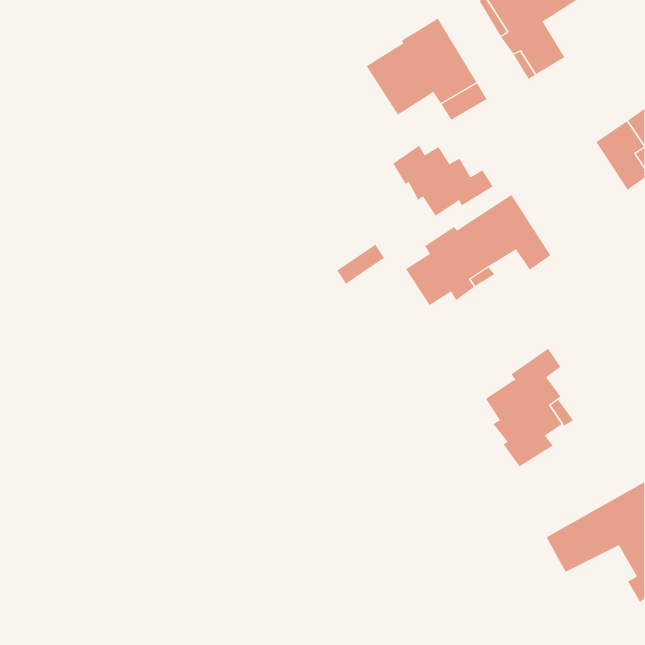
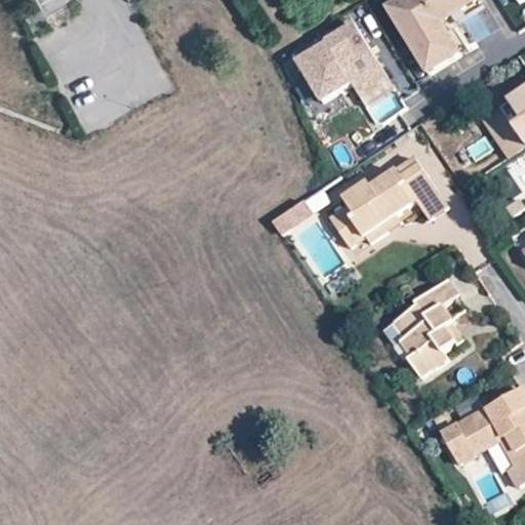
building: [393,145,494,217] -> none

